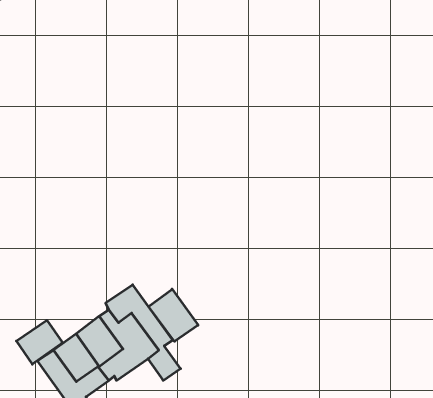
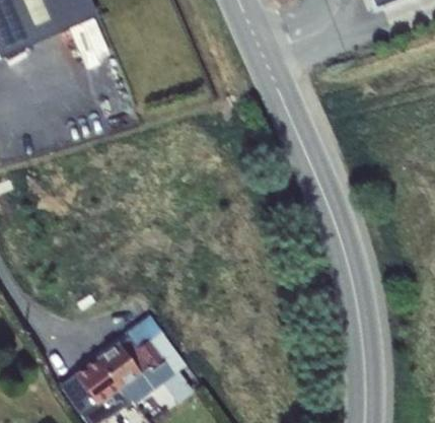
building: [148,289,198,341] -> none
building: [16,320,63,364] -> none

